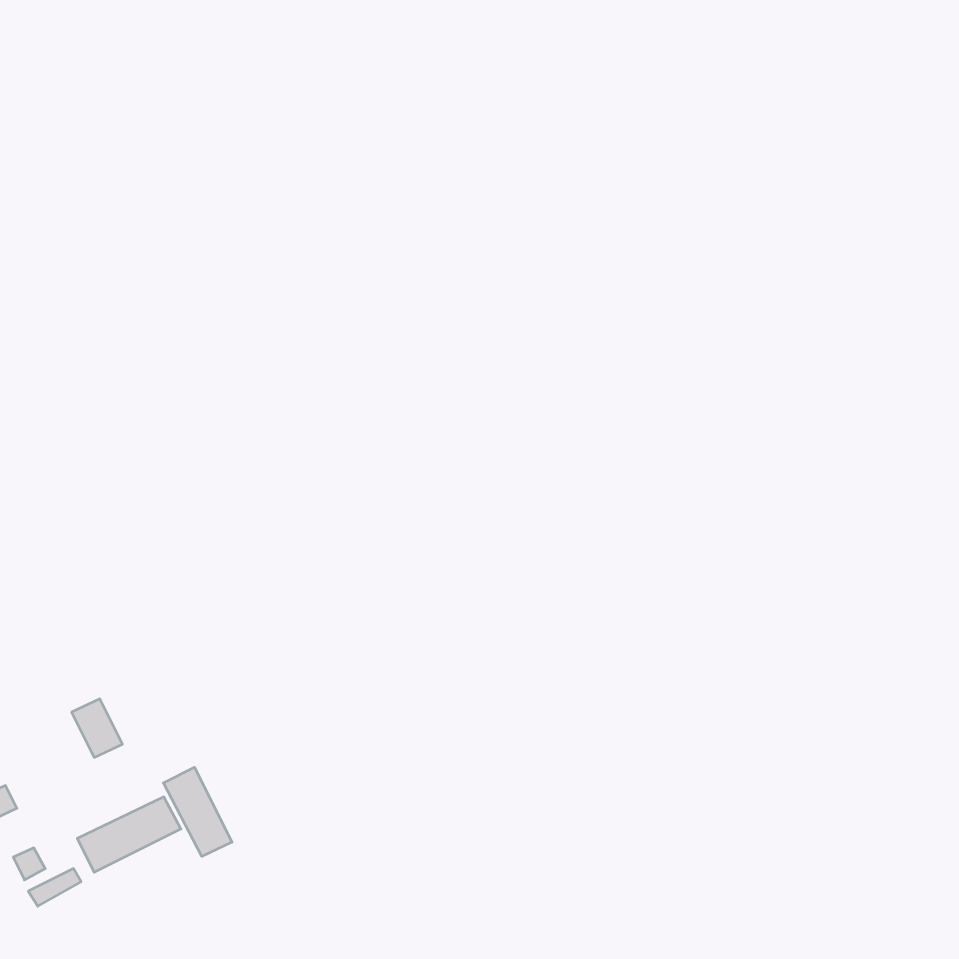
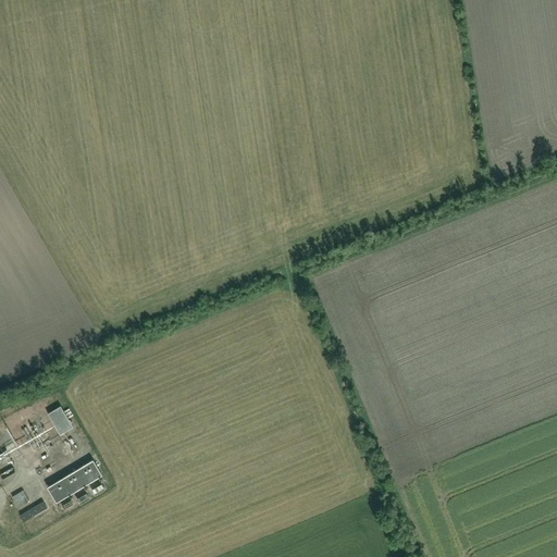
building: [163,767,232,856] -> none

